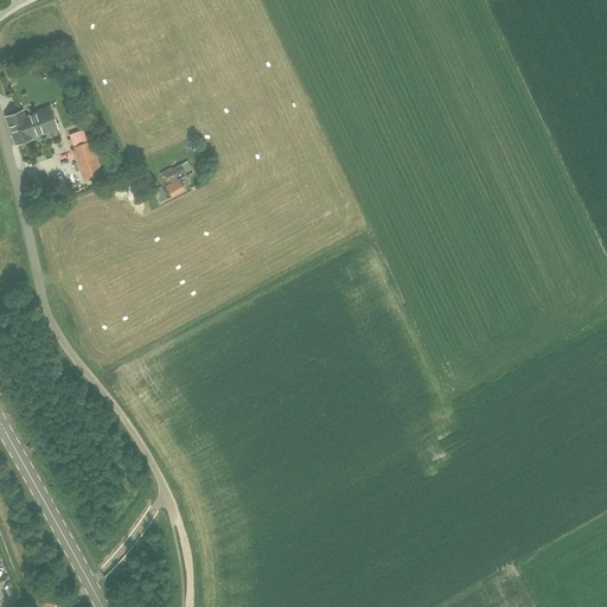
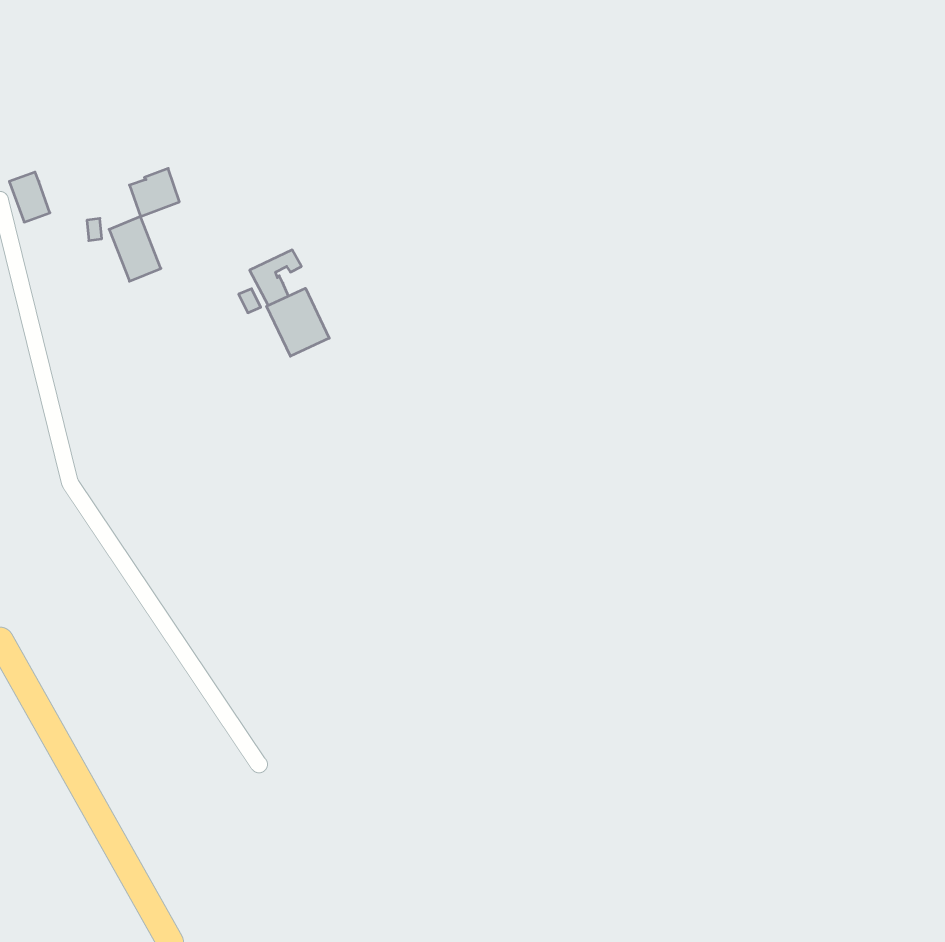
building: [25,106,57,136] -> [129,168,179,217]
building: none -> [267,288,329,356]

